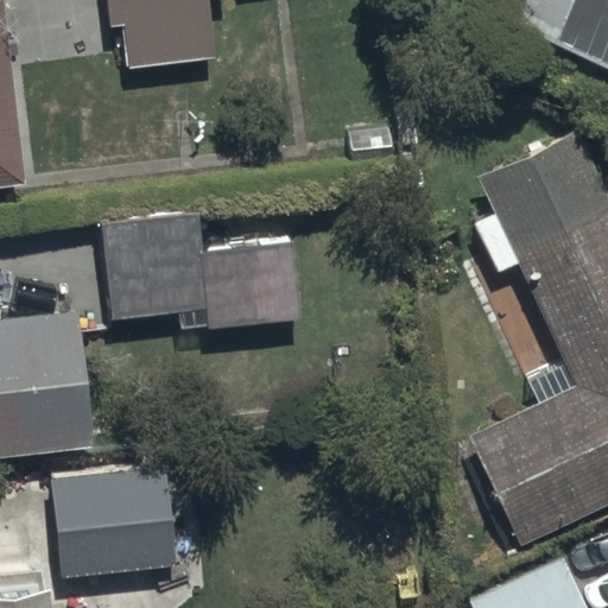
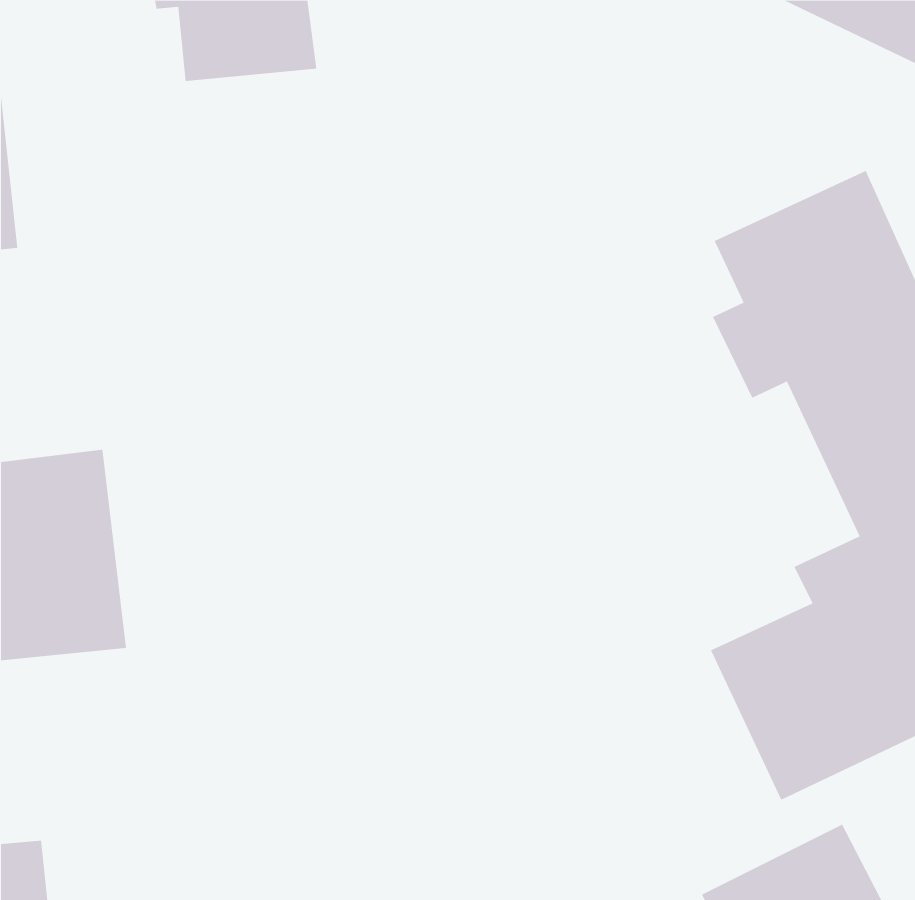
building: [102,207,296,335] -> none
building: [57,461,166,576] -> none

